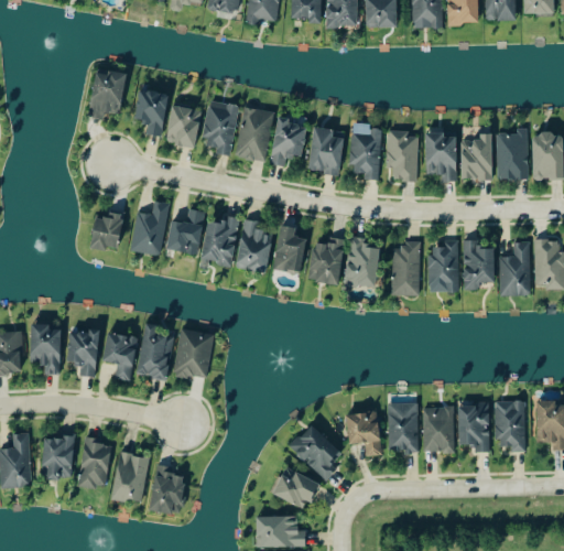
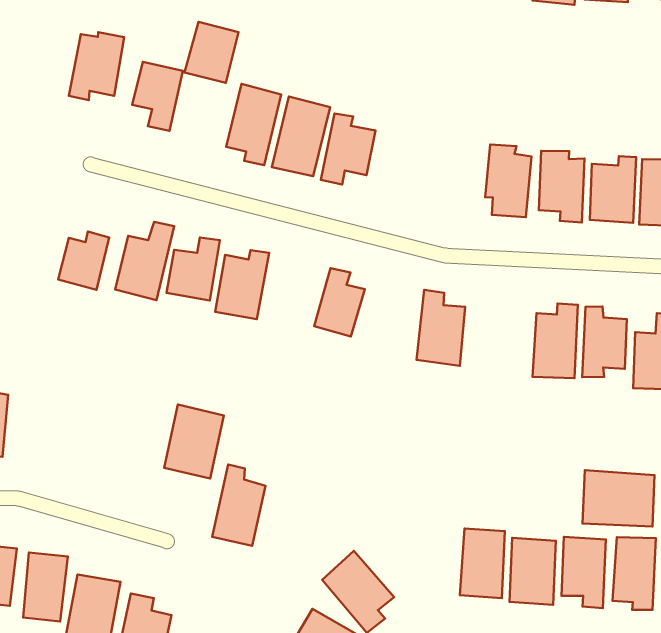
building: [164,105,200,147] -> [184,22,239,83]
building: [307,127,343,173] -> none
building: [350,128,380,179] -> none
building: [236,219,270,271] -> none
building: [308,237,345,284] -> none
building: [391,240,420,295] -> none
building: [137,323,172,379] -> [212,464,266,546]
building: [67,331,97,376] -> none
building: [102,333,135,380] -> none
building: none -> [582,470,655,526]
building: [346,411,381,456] -> none

